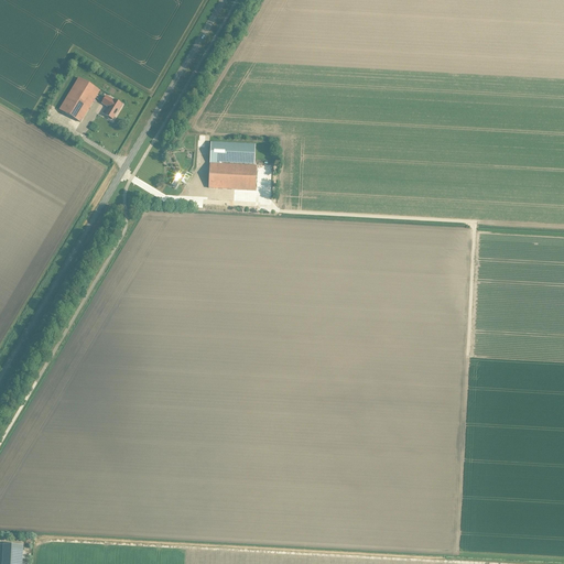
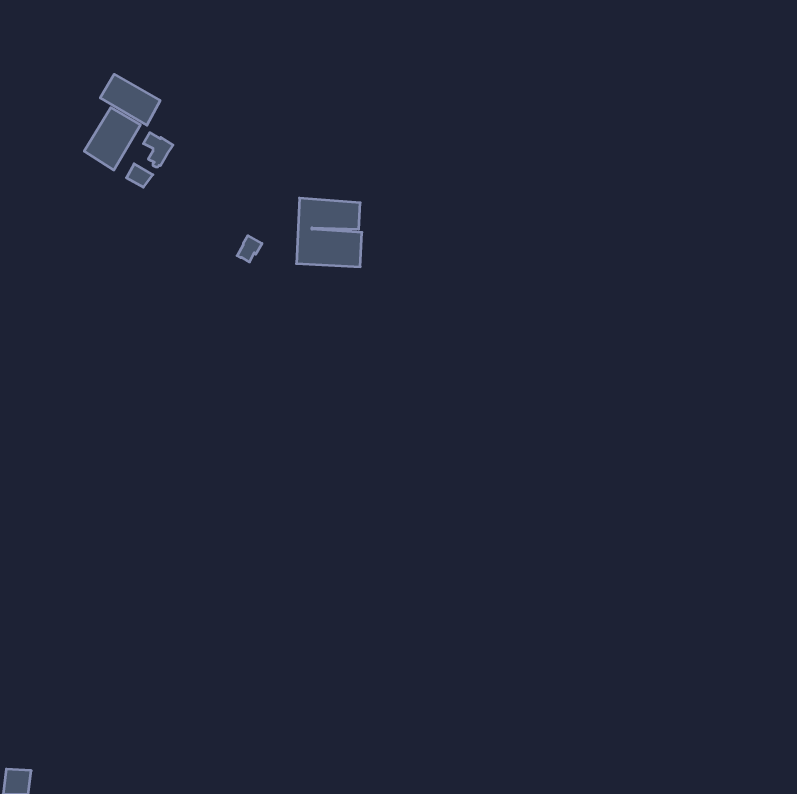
building: none -> [100,74,160,125]

